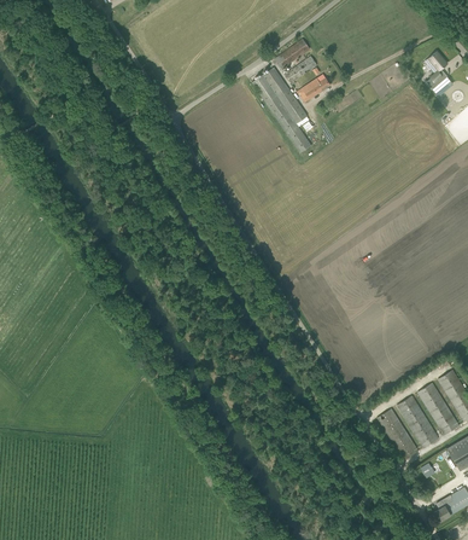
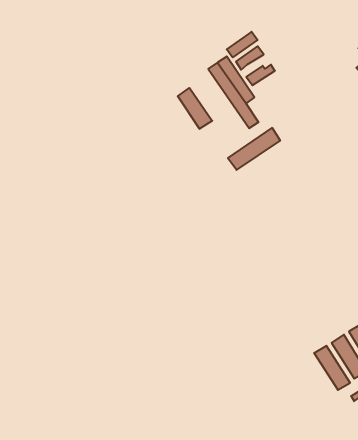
building: none -> [178,88,212,129]
building: none -> [228,128,280,170]

